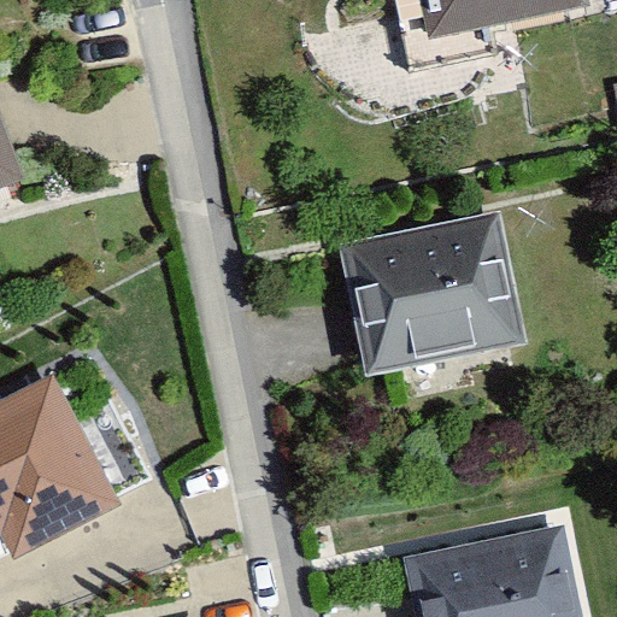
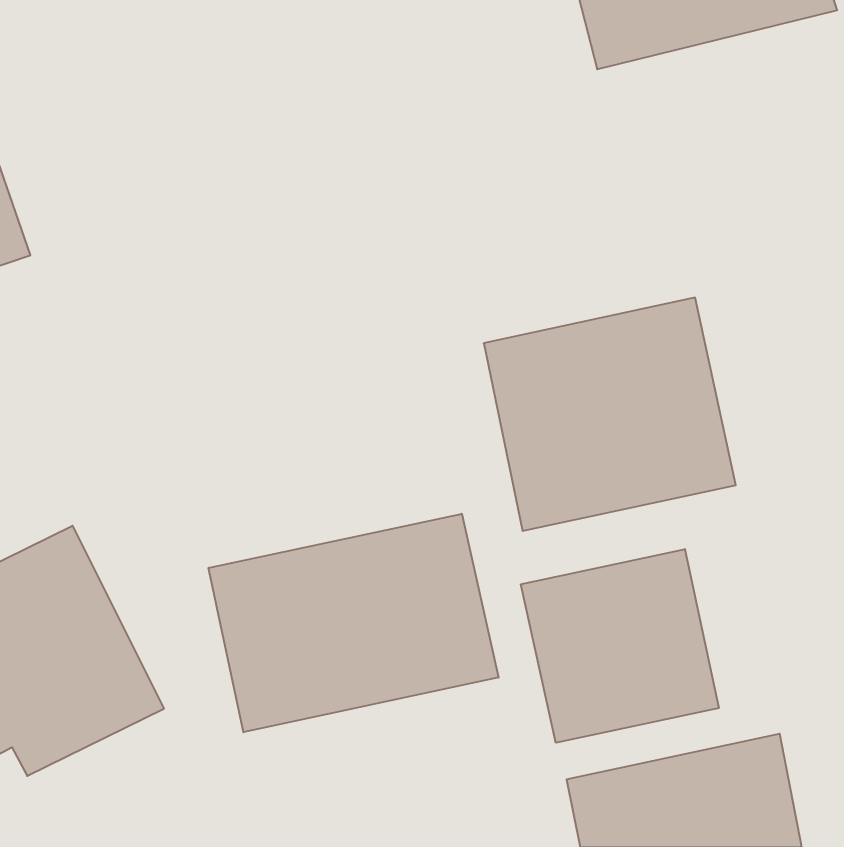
building: none -> [209,514,499,732]
building: none -> [521,549,719,743]

